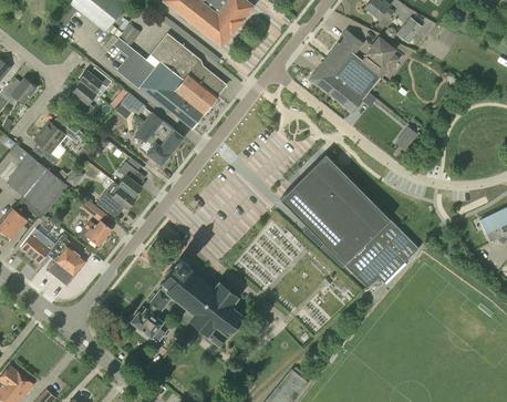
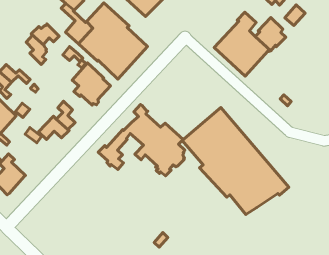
building: [79,219,111,245] -> none
building: [131,257,240,344] -> [98,105,185,176]

